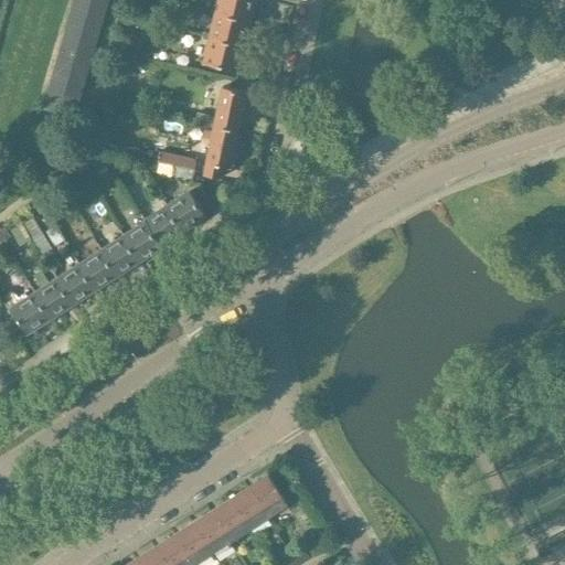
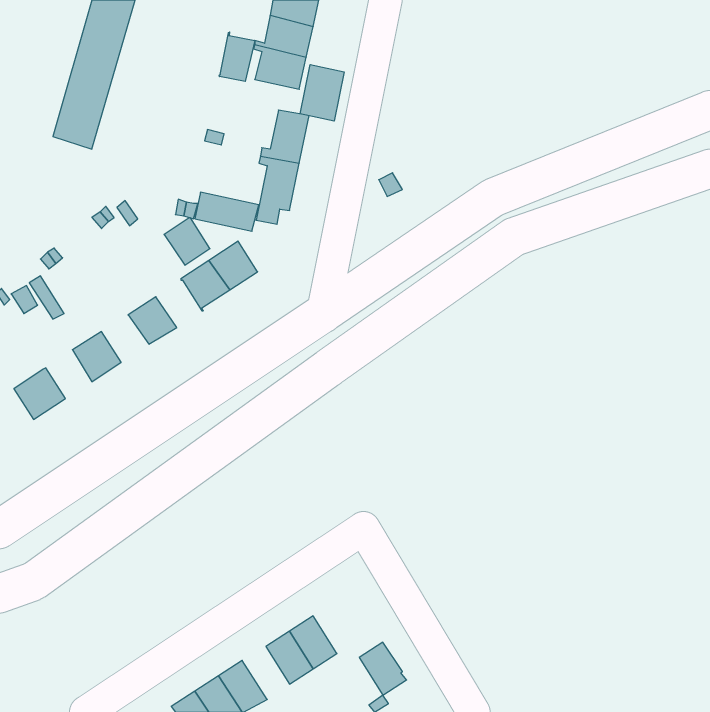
building: none -> [219,32,255,81]
building: none -> [300,65,344,121]
building: [124,222,160,259] -> [164,218,210,265]
building: [81,249,118,287] -> none
building: [29,277,73,316] -> none
building: [248,476,286,518] -> [359,642,407,695]
building: [192,512,230,554] -> none

